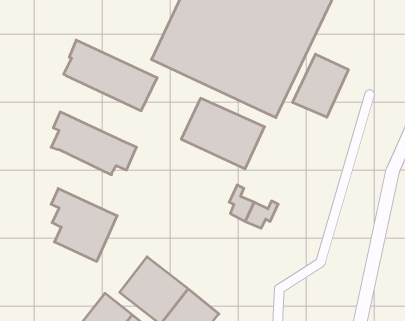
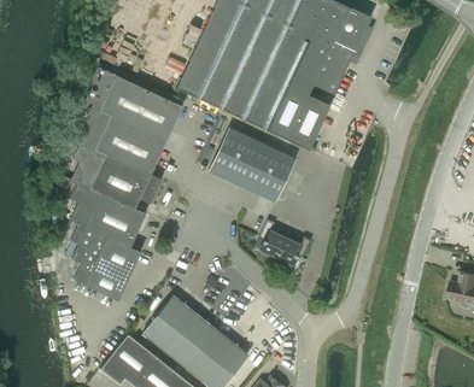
building: [293,54,348,117] -> none
building: none -> [74,104,165,175]
building: none -> [70,182,145,247]

